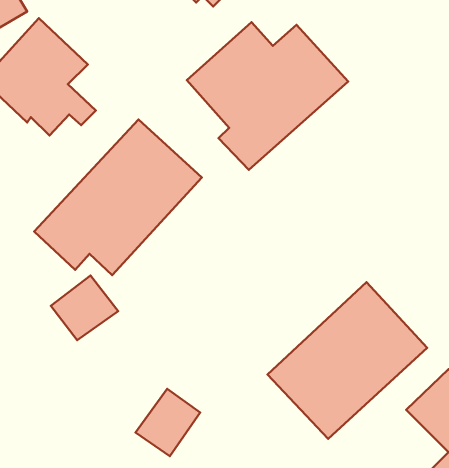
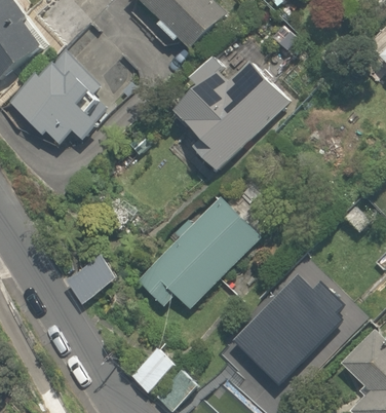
building: [34,119,202,275] -> [136,193,266,314]

